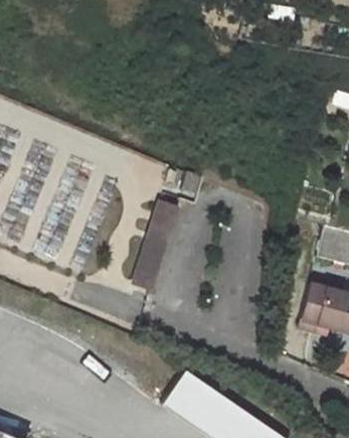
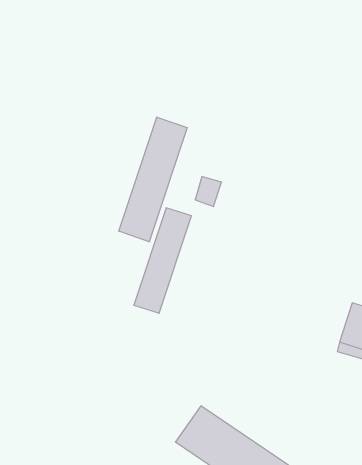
building: none -> [119,117,187,242]

